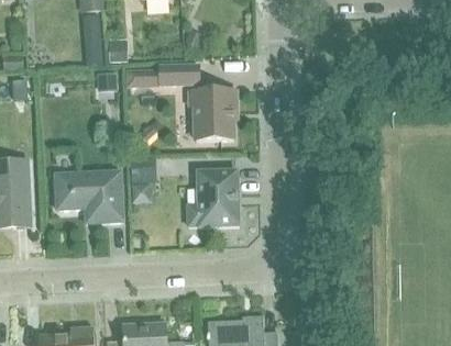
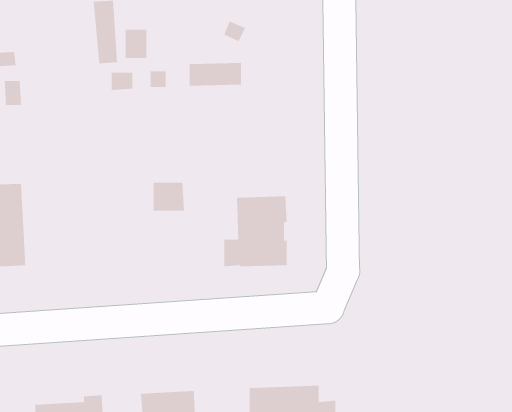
building: [188,90,235,141] -> none
building: [55,170,123,223] -> none

